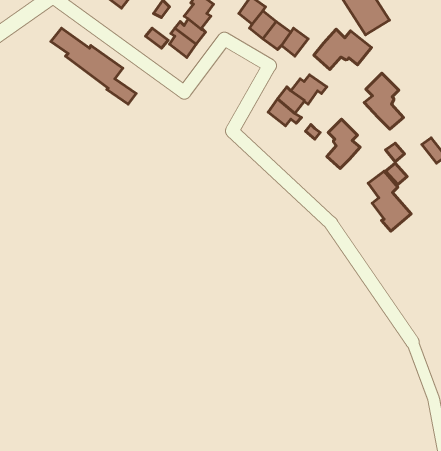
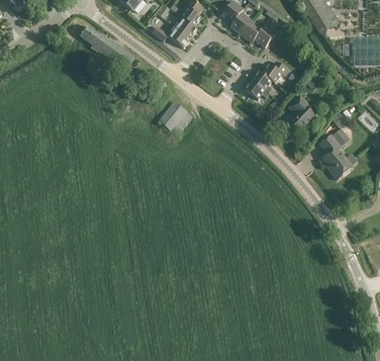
building: [314,29,371,69] -> none
building: [364,73,403,129] -> none
building: none -> [157,101,191,136]

